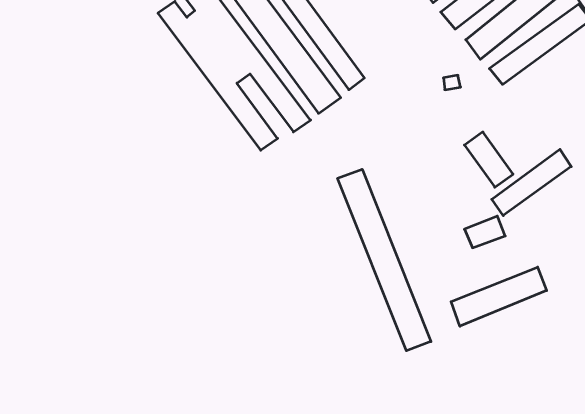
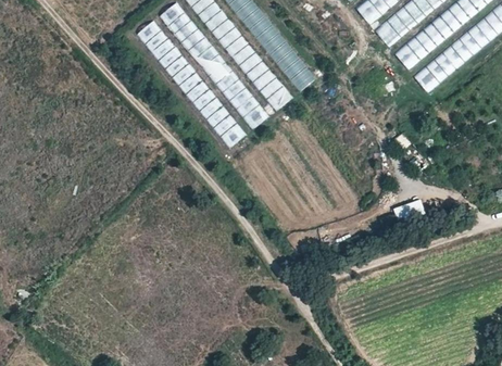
building: [492,149,571,216] -> none
building: [338,169,431,351] -> none
building: [451,267,547,326] -> none

